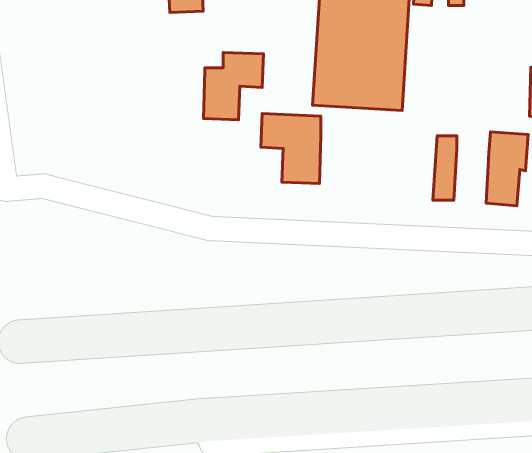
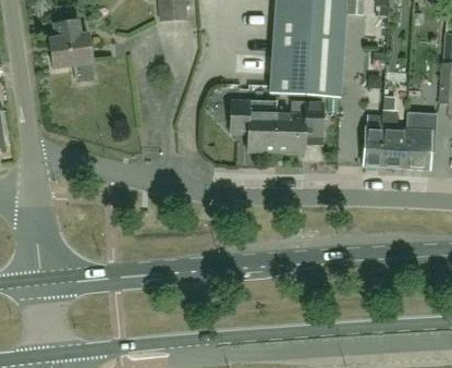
building: none -> [48,20,93,79]
building: [203,53,264,120] -> [276,101,322,154]
building: none -> [380,107,407,168]

